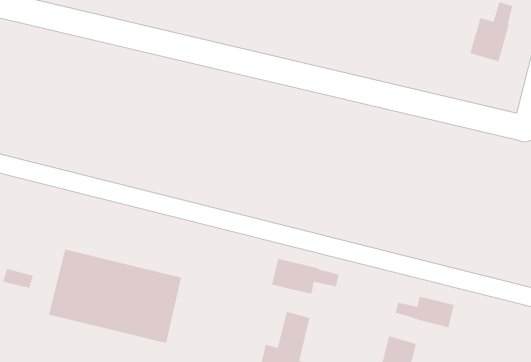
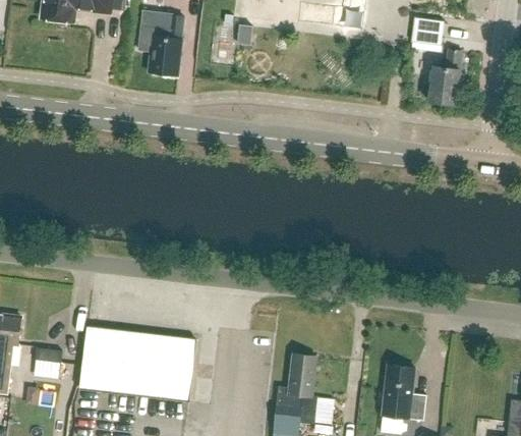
building: [271,258,339,295] -> none
building: [395,296,454,328] -> none

